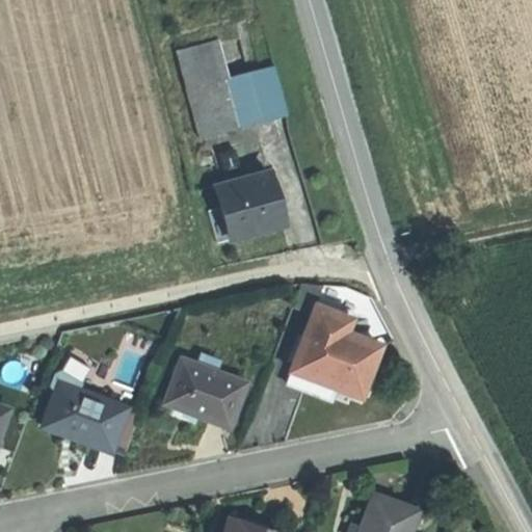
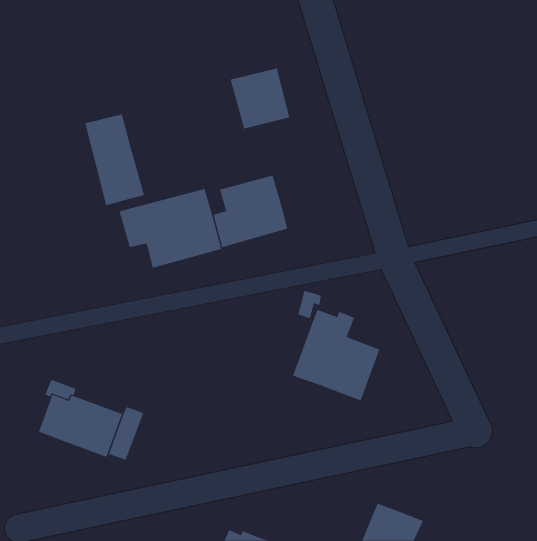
building: [184,47,243,137] -> [84,114,145,206]
building: none -> [119,188,222,269]
building: [164,357,245,426] -> none

